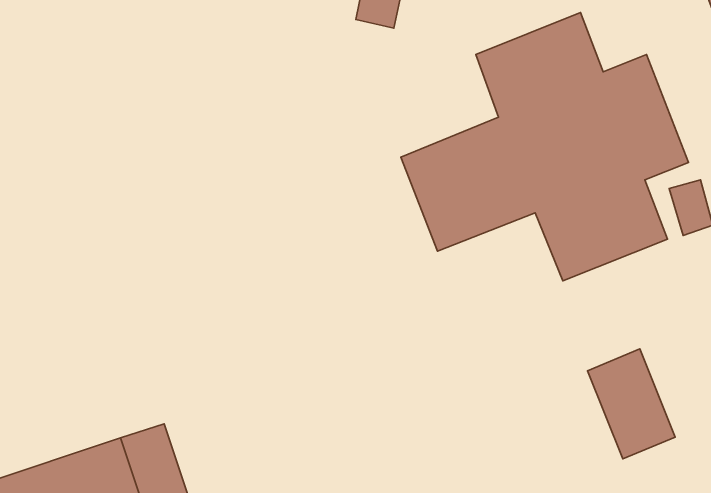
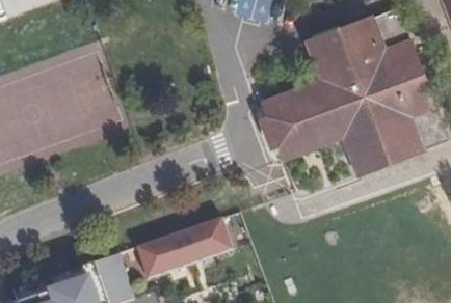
building: [587,349,675,459] -> none
building: none -> [135,219,232,280]

